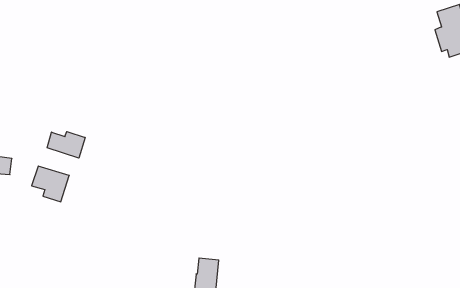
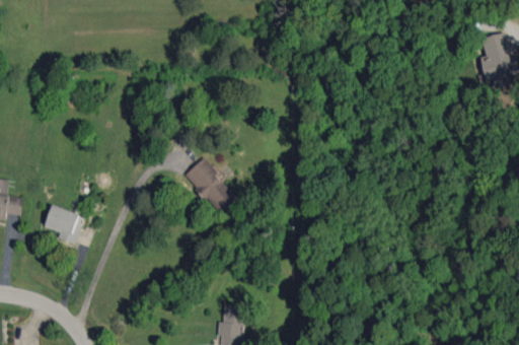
building: none -> [183,157,235,213]
building: [47,132,85,158] -> none

